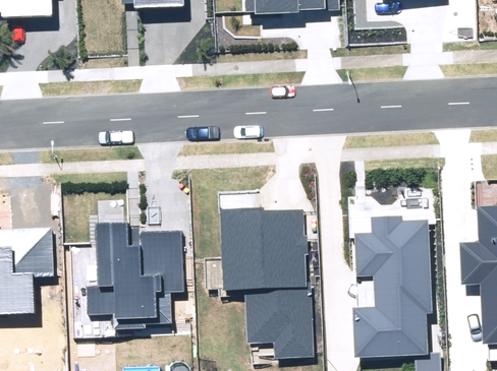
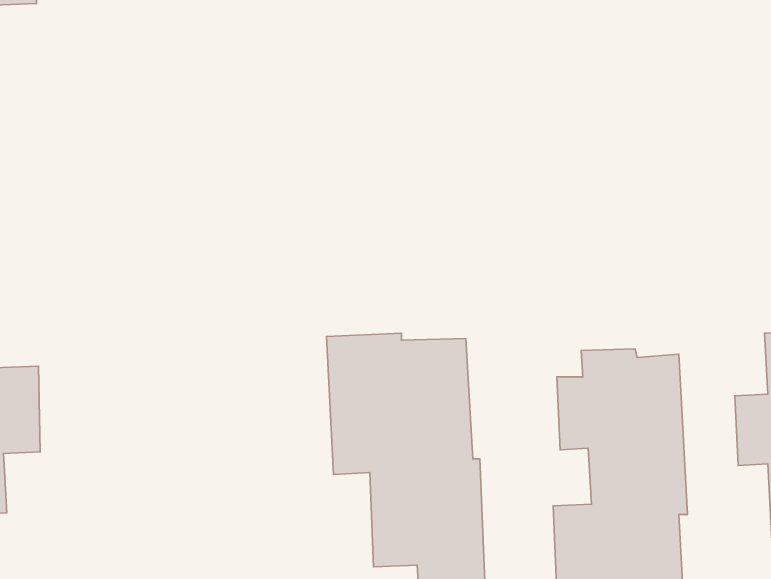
building: [86,224,185,330] -> none

